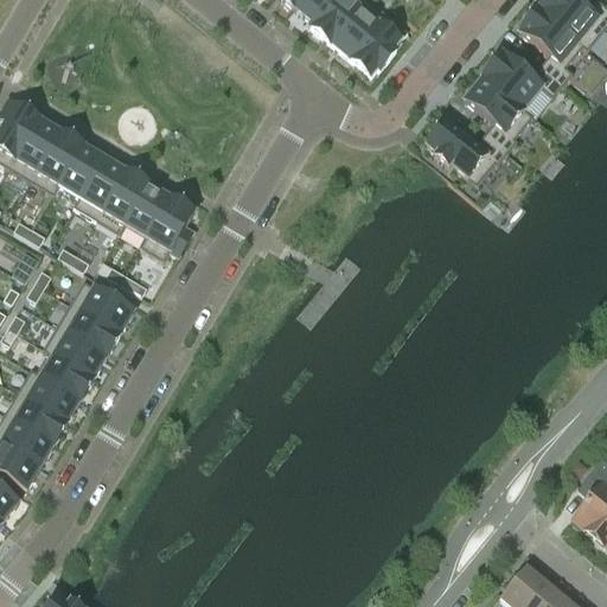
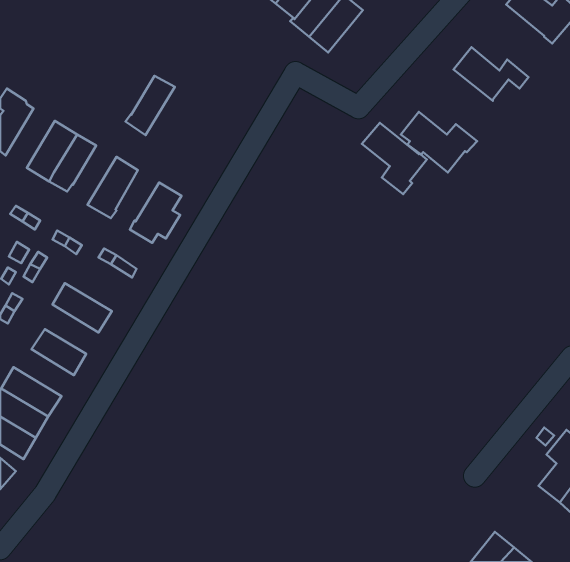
building: [519,5,579,82] -> none
building: [350,11,408,72] -> none
building: [464,74,532,149] -> [362,123,427,194]
building: [8,115,60,178] -> none
building: [74,154,126,217] -> [125,76,175,135]
building: [124,180,171,235] -> none
building: [71,279,134,330] -> none
building: [44,322,107,375] -> none
building: [17,368,81,420] -> none

